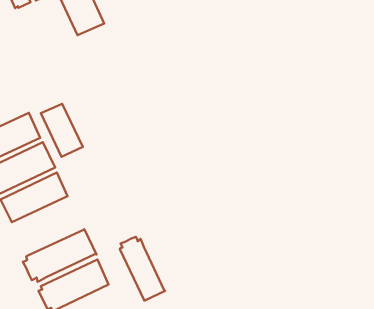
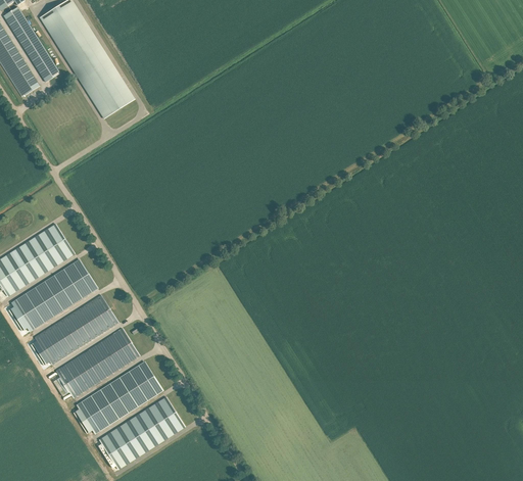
building: [41,104,83,157] -> none
building: none -> [53,328,139,397]
building: [120,237,165,301] -> none

